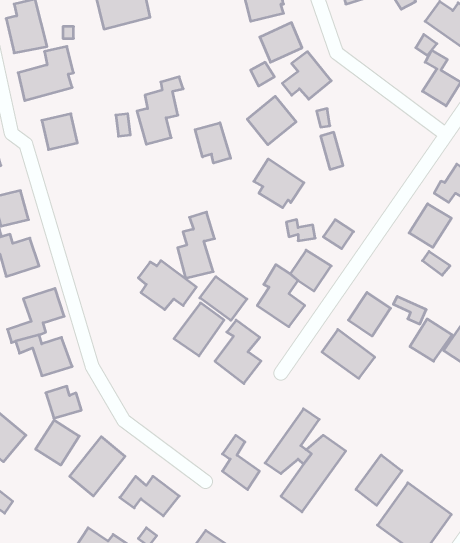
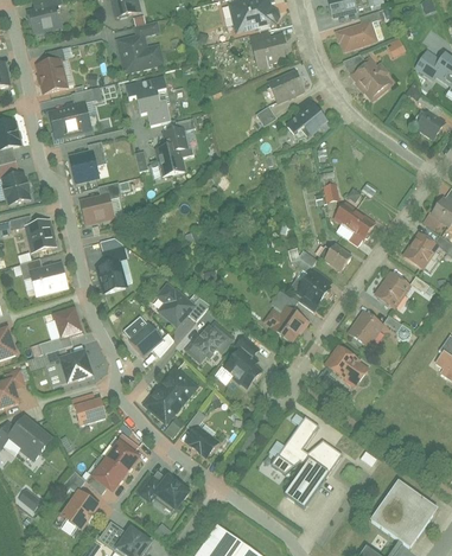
building: none -> [348,56,391,101]
building: none -> [125,76,174,122]
building: [247,96,296,145] -> none
building: [195,123,231,163] -> none
building: [254,159,304,208] -> [331,199,376,243]
building: none -> [78,193,115,224]
building: [178,212,215,278] -> [96,234,129,293]
building: [200,277,247,320] -> none
building: none -> [128,321,164,356]
building: [410,319,452,361] -> [373,269,410,307]
building: none -> [145,368,197,423]
building: [36,420,79,465] -> [63,488,102,529]
building: [222,435,259,490] -> [186,409,219,458]
building: [356,455,402,505] -> none

